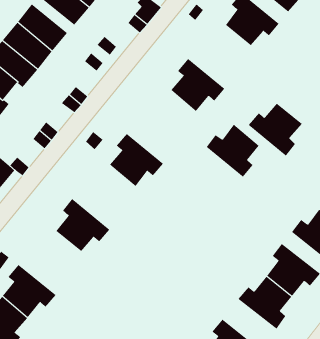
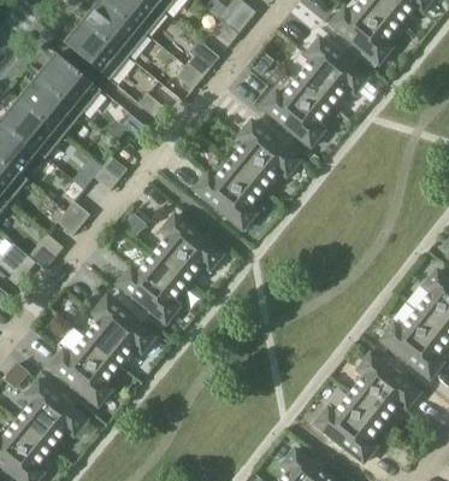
building: [248,103,302,156] -> [264,78,332,146]
building: [206,124,259,177] -> [196,160,264,228]
building: none -> [119,254,188,322]
building: none -> [51,338,119,405]

